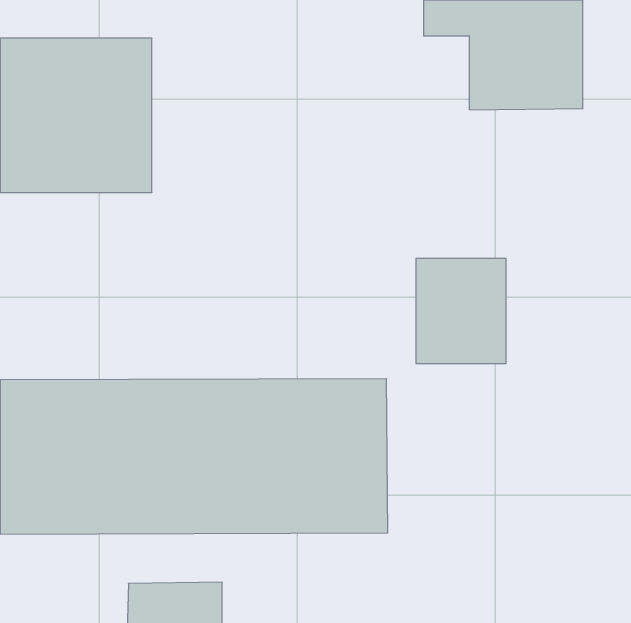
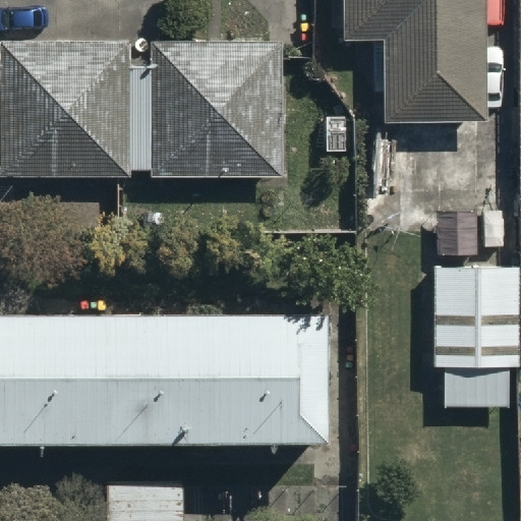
building: none -> [155,40,278,175]
building: [416,259,506,363] -> [439,269,513,355]

